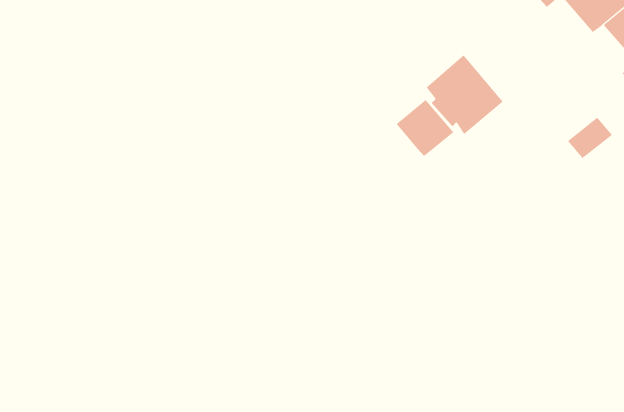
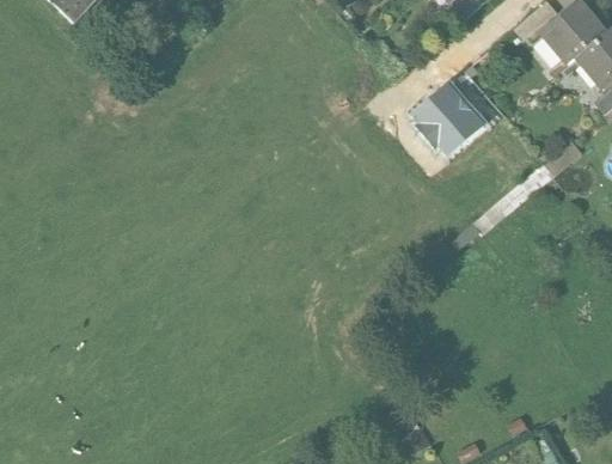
building: [396,99,454,157] -> none

